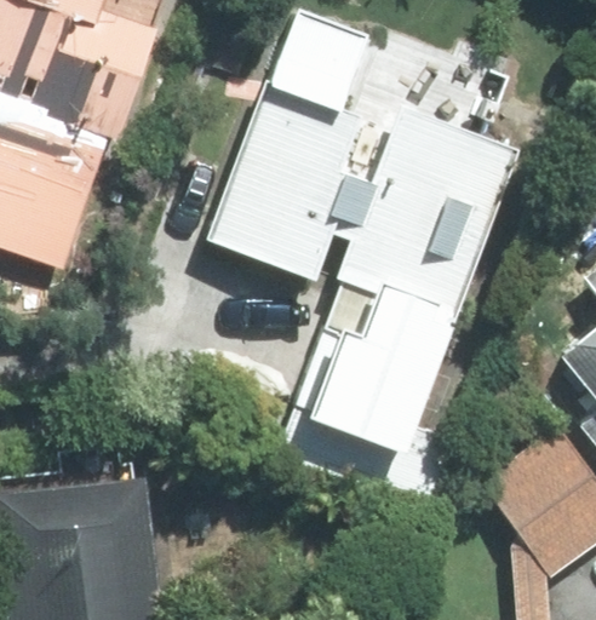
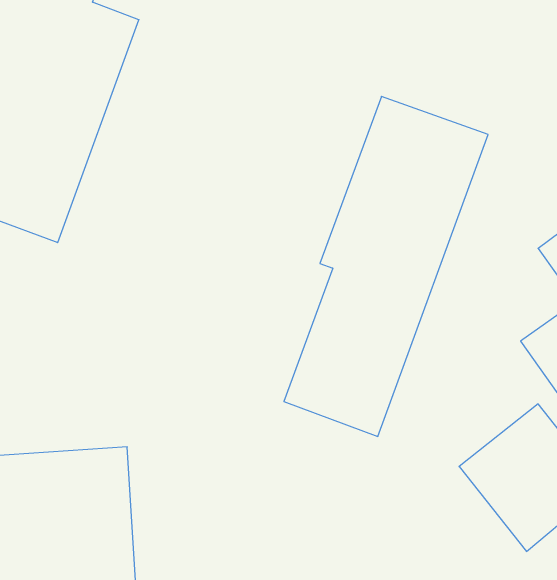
building: [212,11,369,281] -> none

